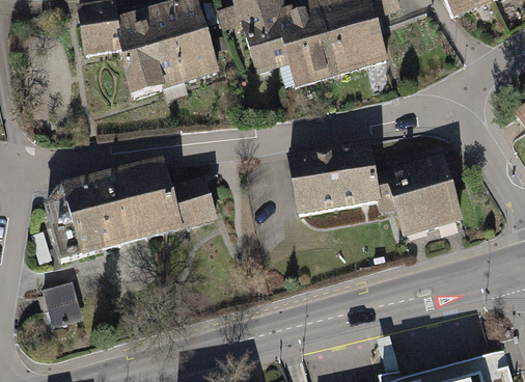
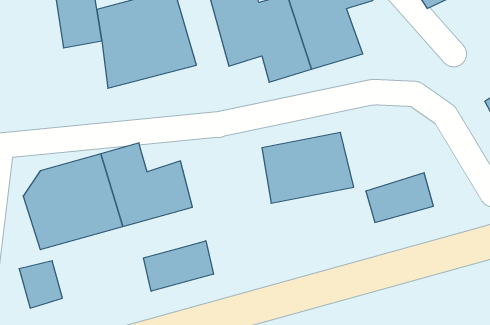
building: [385,149,454,206] -> none
building: none -> [143,241,213,291]

